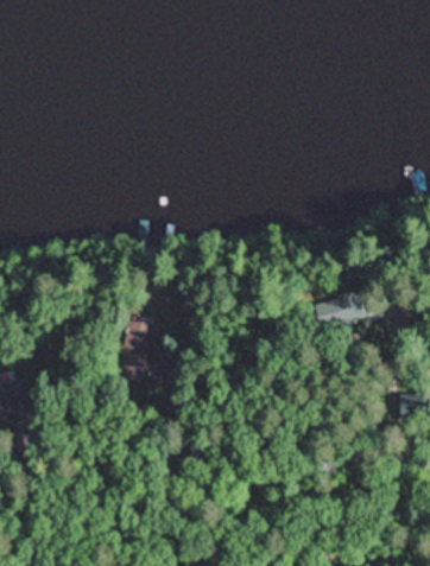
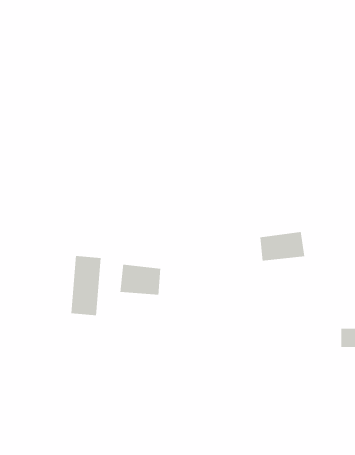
building: none -> [120,264,161,295]

